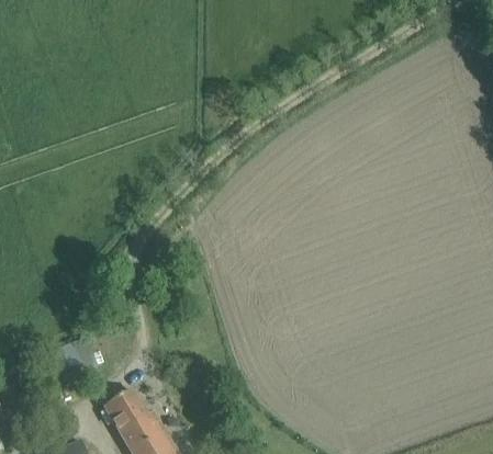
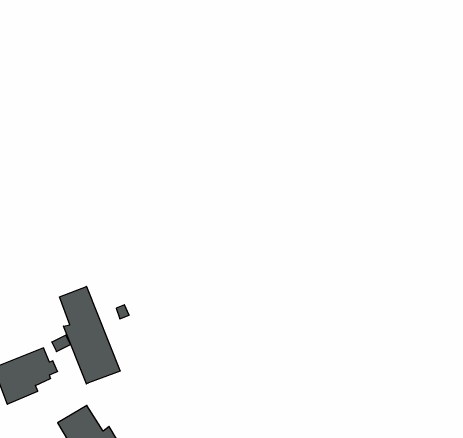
building: none -> [60,286,120,384]

